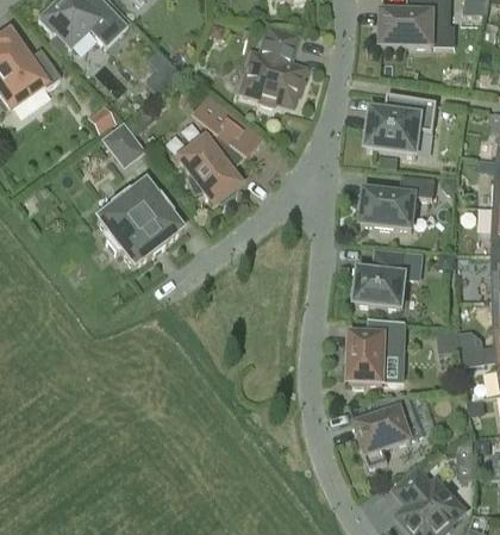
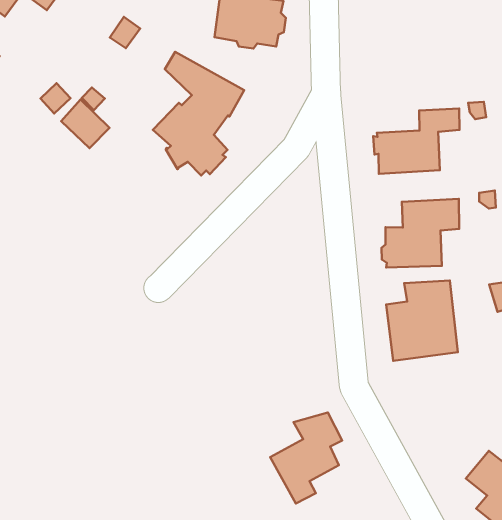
building: [367,93,437,154] -> none
building: [96,179,182,265] -> none
building: [355,393,417,465] -> [270,413,342,503]

